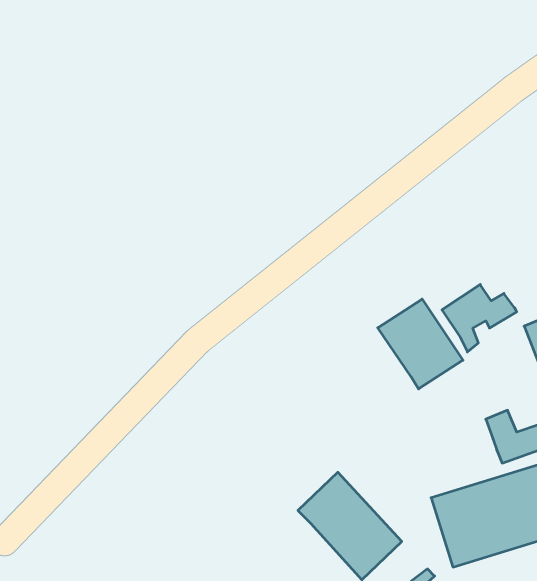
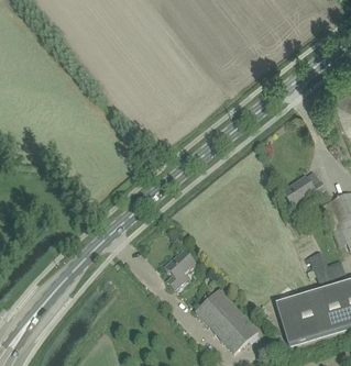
building: [378,299,463,389] -> none
building: none -> [164,248,196,287]

